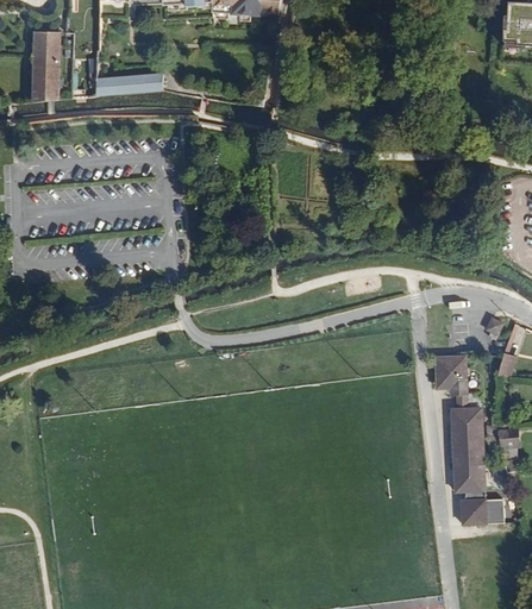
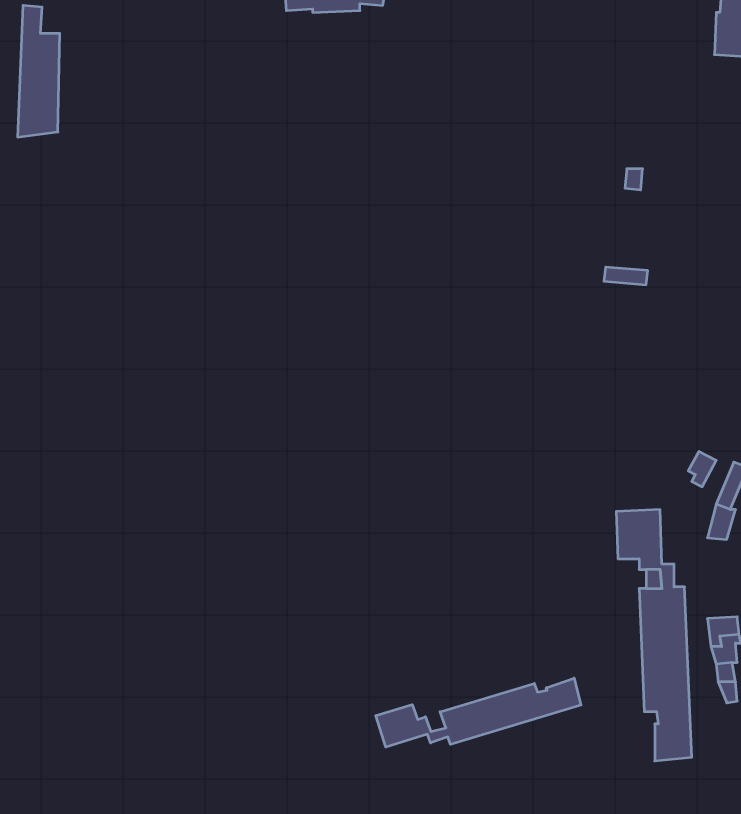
building: [95,71,161,93] -> none
building: none -> [376,678,581,747]

